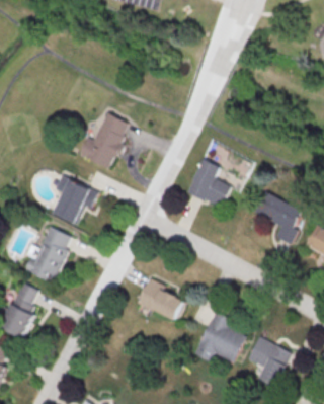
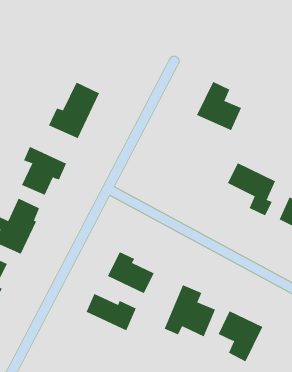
building: [186,158,231,207] -> [196,81,242,131]
building: none -> [86,293,136,331]

